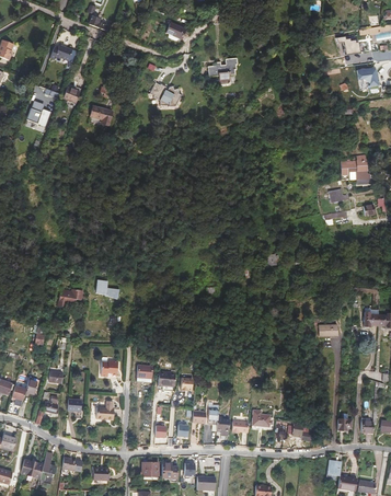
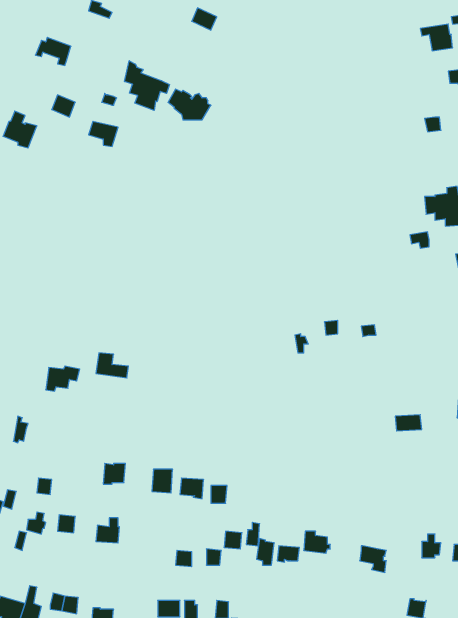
building: [208,57,237,84] -> none
building: none -> [125,61,170,110]

